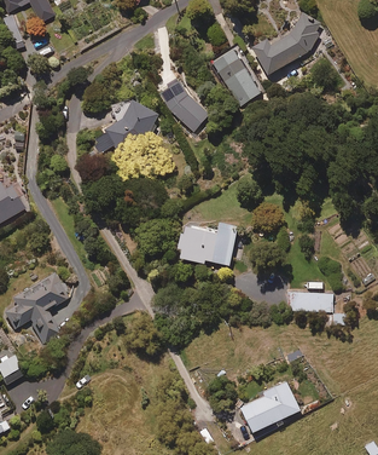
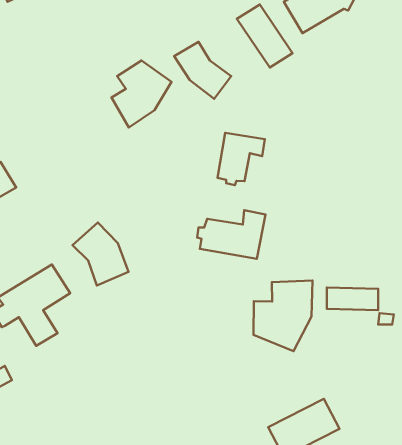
building: none -> [217,133,265,185]
building: none -> [72,222,129,286]
building: none -> [253,281,312,351]

